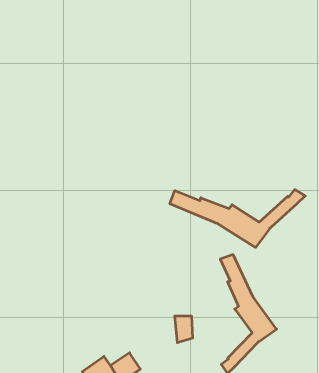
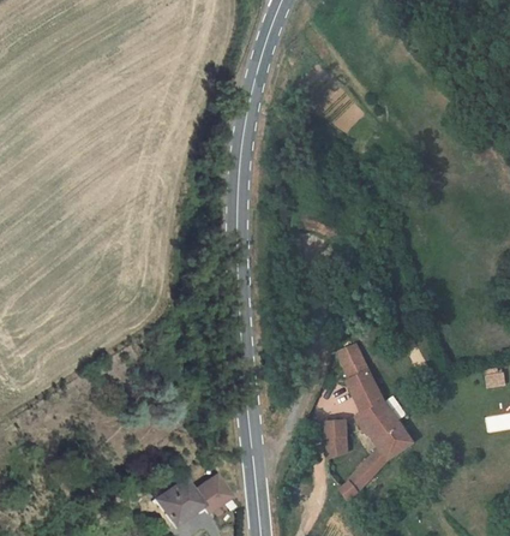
building: [170,190,305,247] -> none
building: [175,316,193,343] -> [324,424,348,459]

